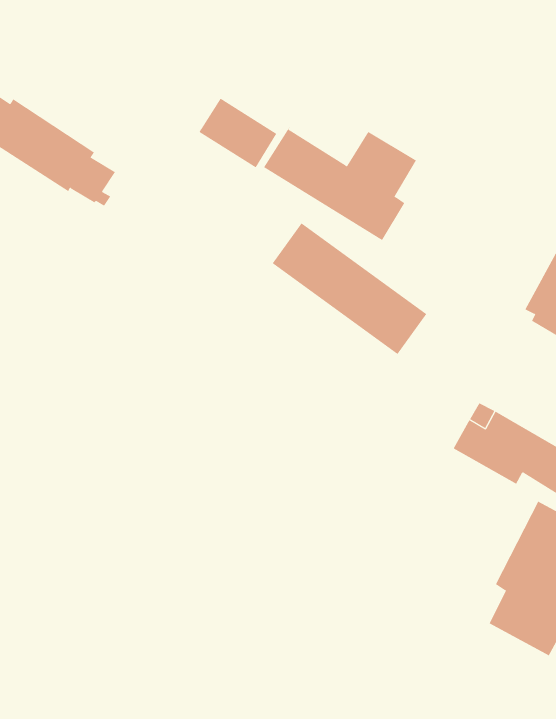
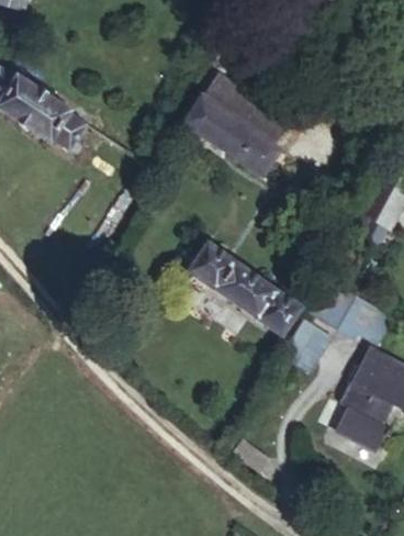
building: [199,98,277,168] -> [202,76,255,123]
building: [272,222,427,355] -> [199,247,303,336]
building: none -> [283,321,332,373]

